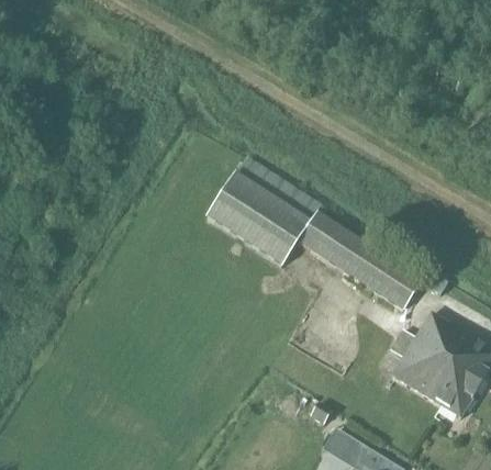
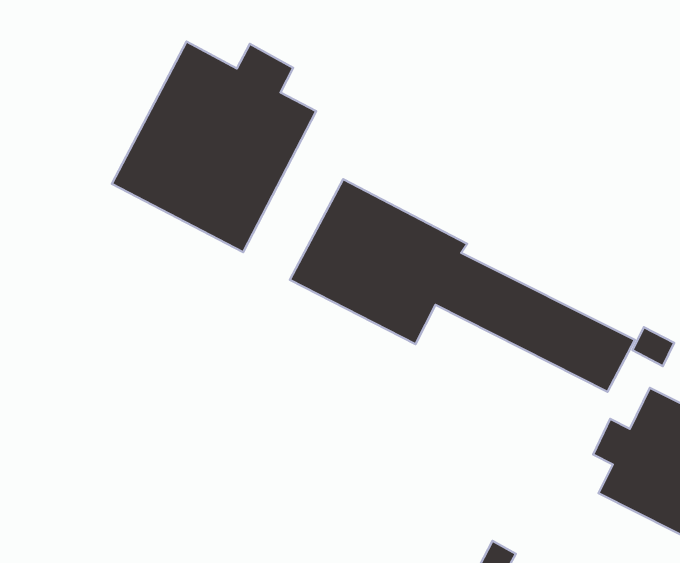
building: none -> [112,41,316,252]

